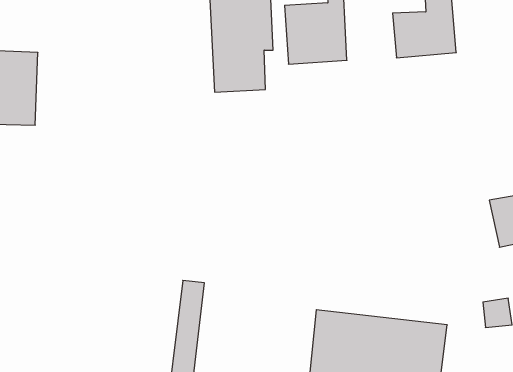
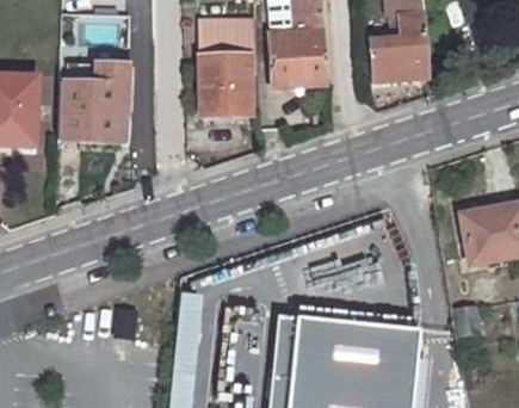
building: none -> [57,62,128,141]

